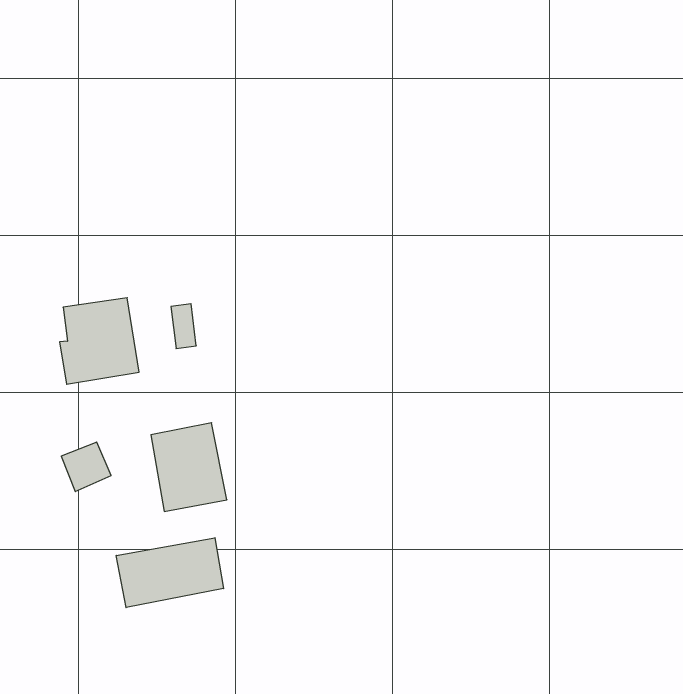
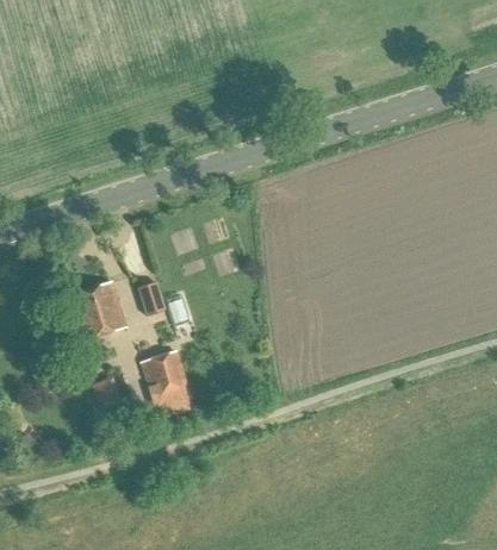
building: [116,538,224,608] -> none

